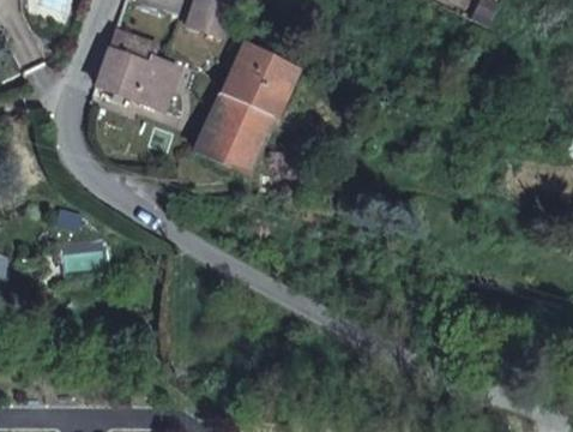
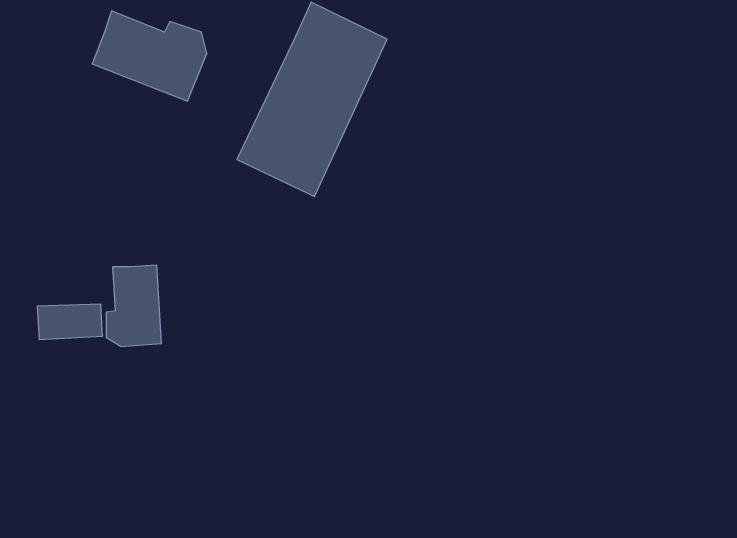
building: none -> [107,265,161,347]

